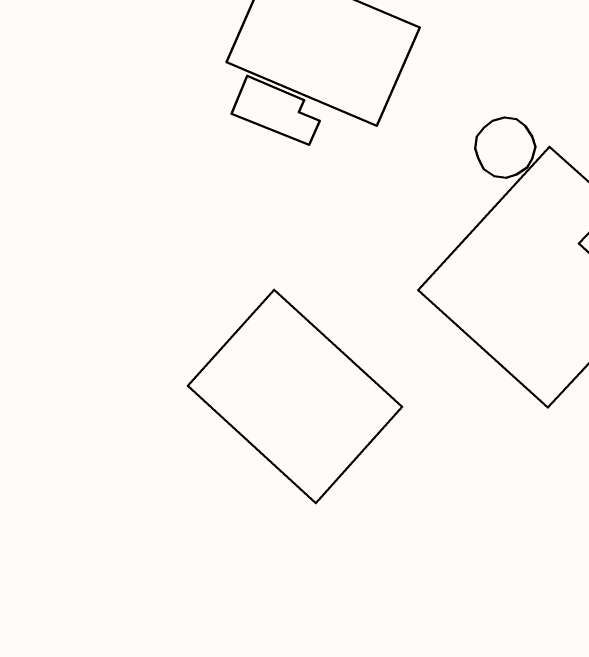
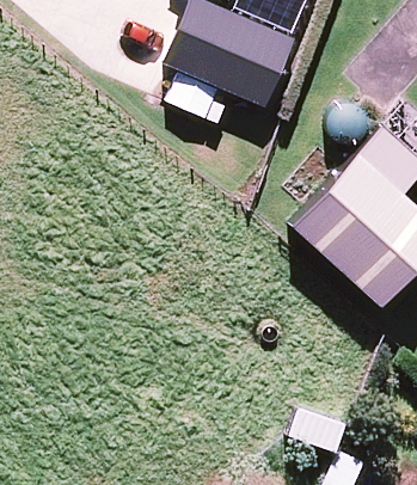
building: [188,290,402,503] -> none

